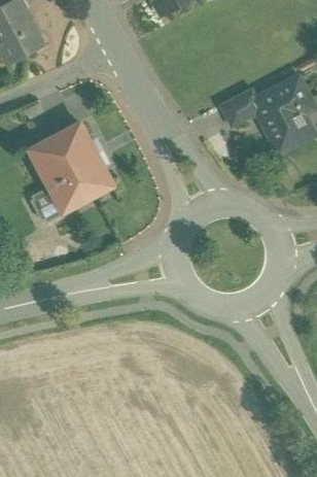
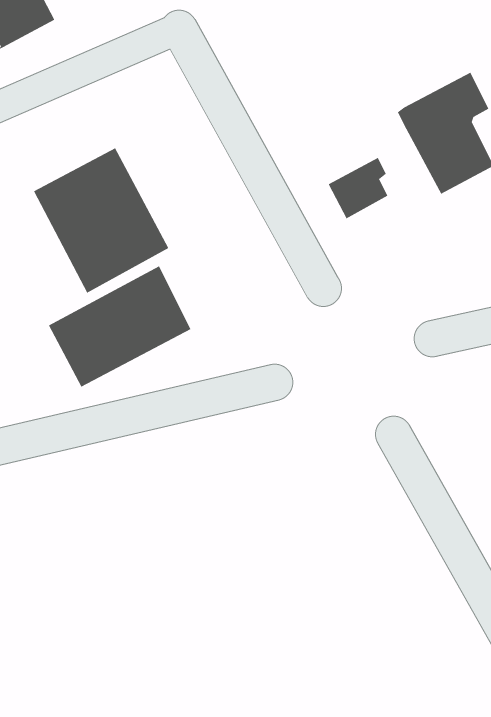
building: [220,88,257,126] -> [328,157,388,219]
building: none -> [48,266,191,388]

